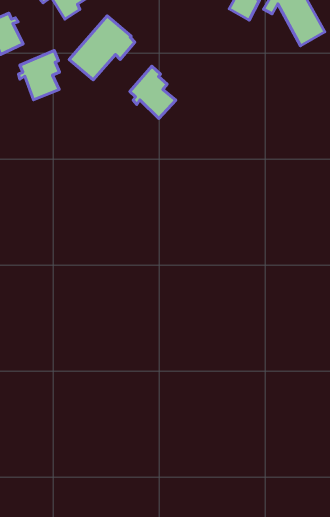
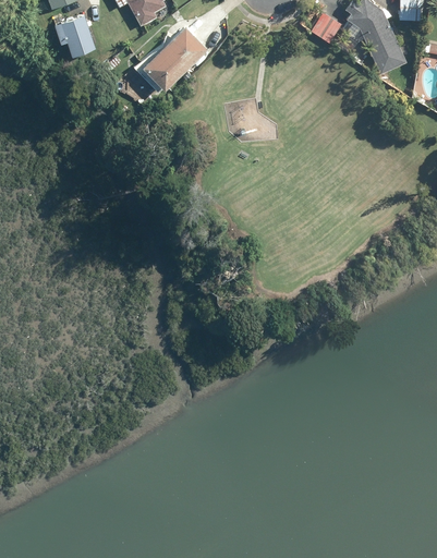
building: [18,51,59,100] -> none
building: [130,66,176,118] -> none

